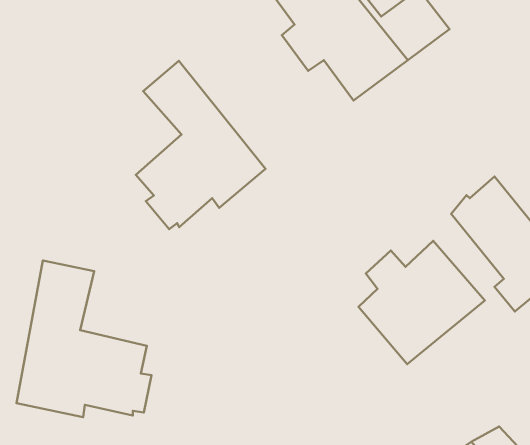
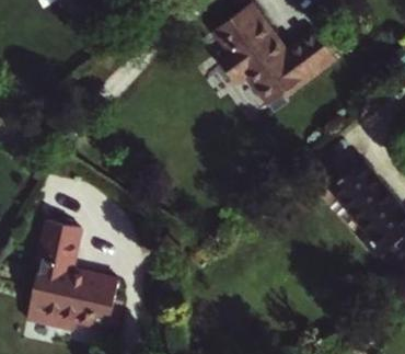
building: [136,61,265,229] -> none
building: [359,241,485,364] -> none

